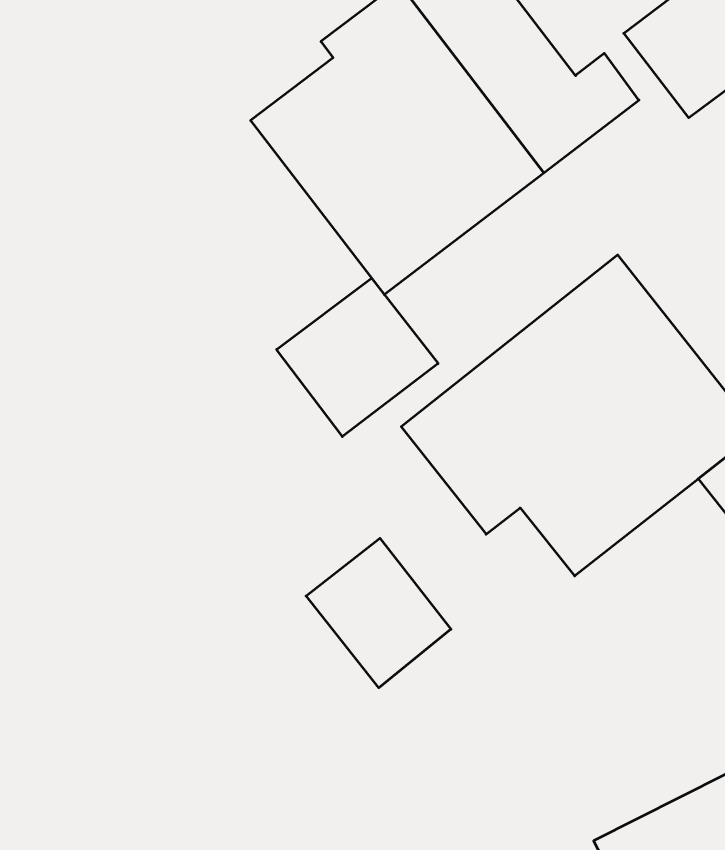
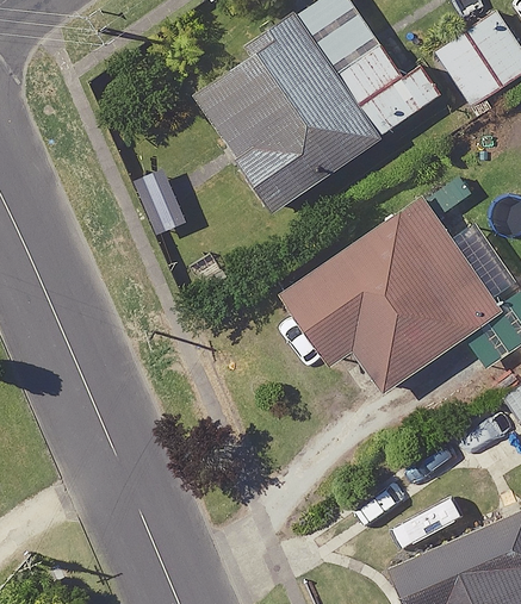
building: [277,278,438,437] -> none
building: [306,538,451,688] -> none

